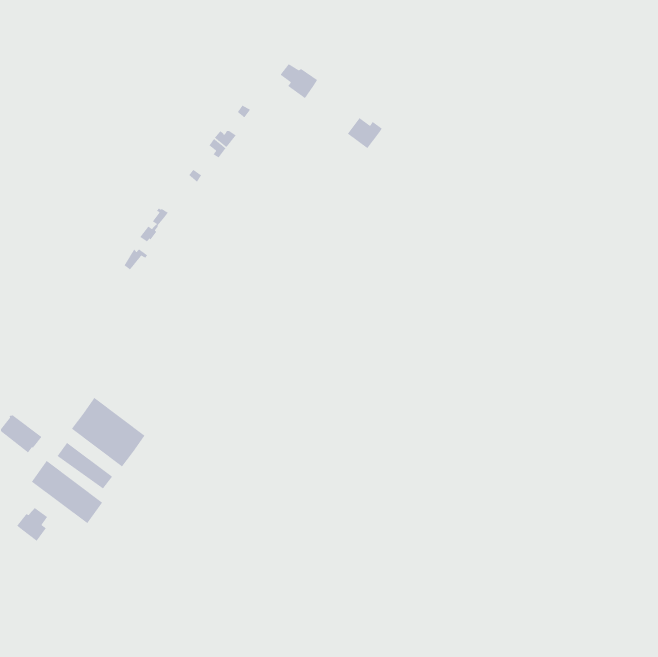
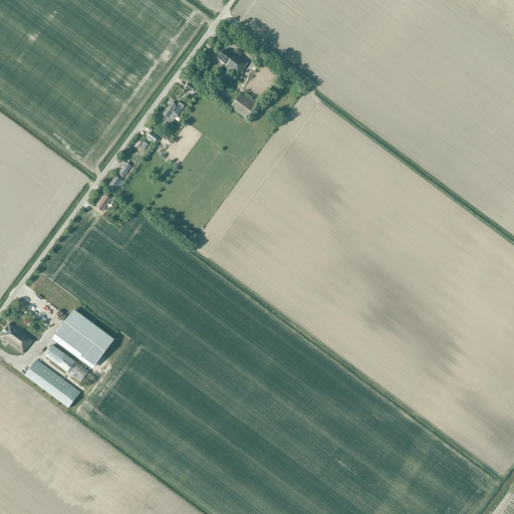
building: [347,117,383,149] -> [230,93,258,118]
building: [16,507,48,542] -> none

